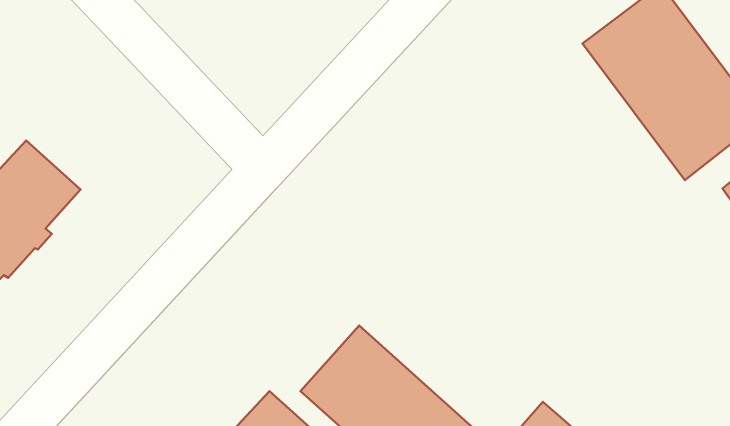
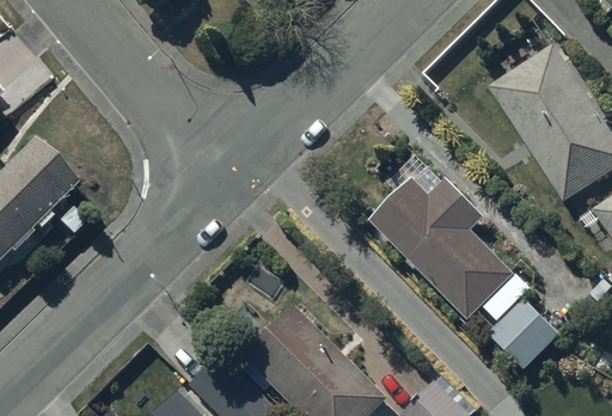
building: none -> [368,178,514,319]
building: none -> [479,299,556,375]

